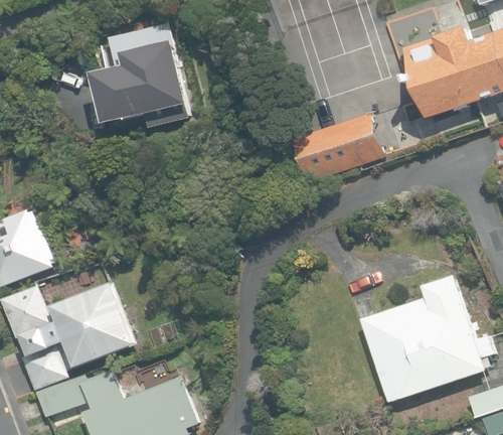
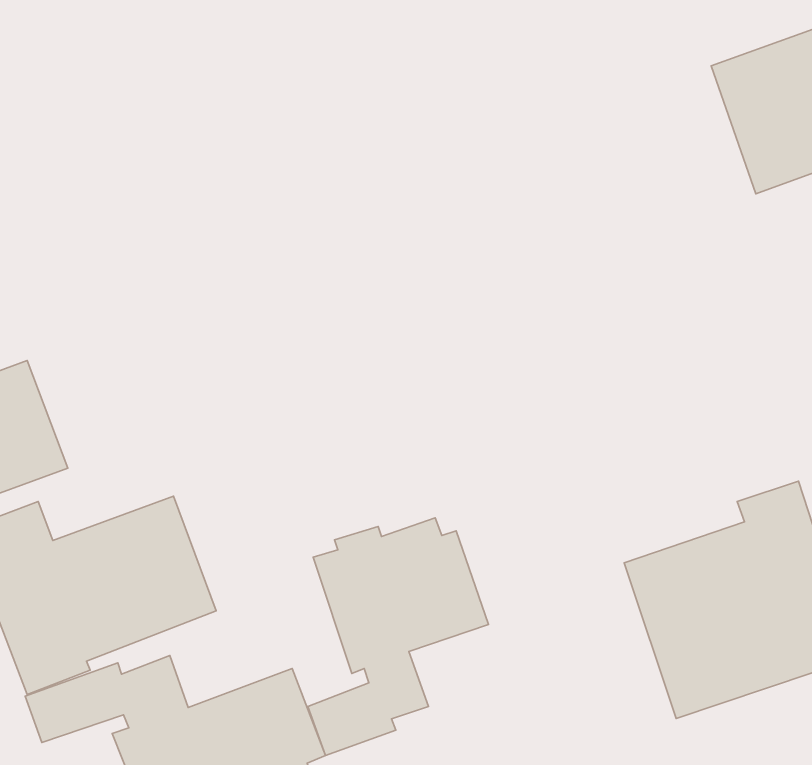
building: [96,24,189,124] -> none
building: [296,113,388,182] -> none
building: none -> [308,518,488,756]

